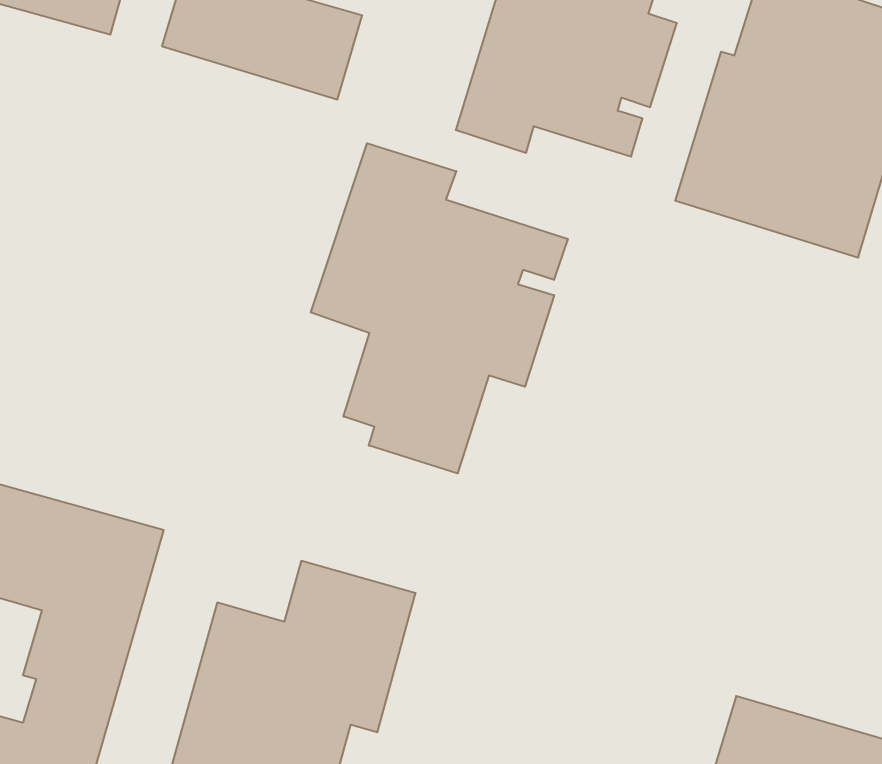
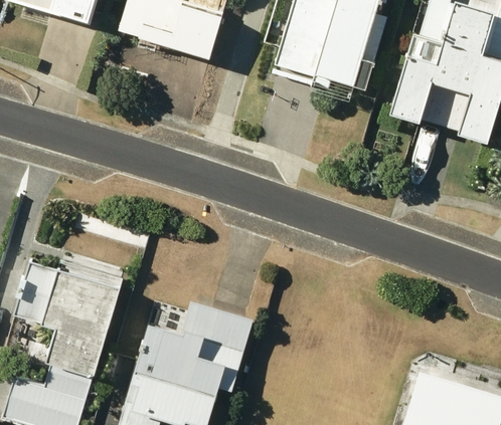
building: [311,143,568,473] -> none

